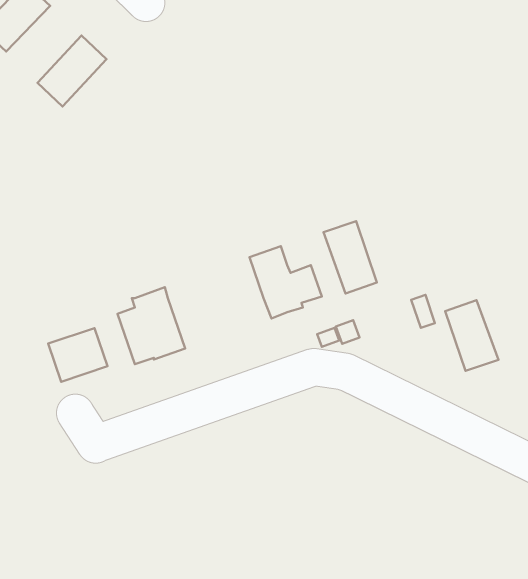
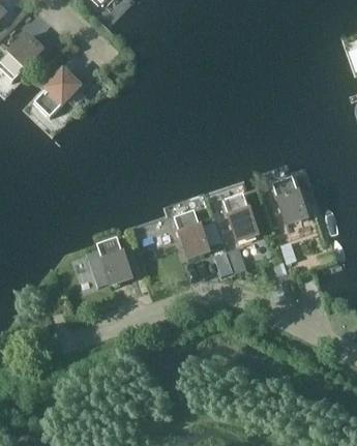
building: [445,300,499,371] -> [271,175,306,221]
building: [48,328,107,382] -> none

